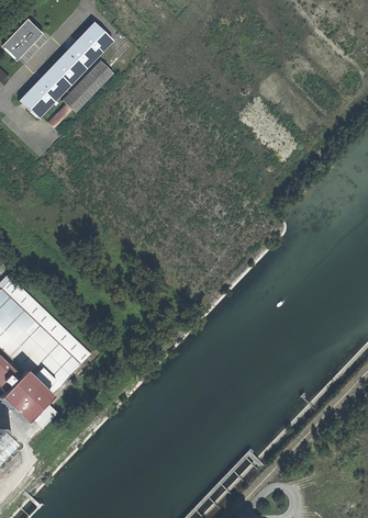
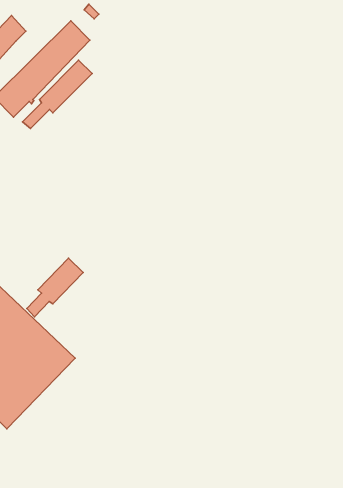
building: none -> [27,258,83,317]

